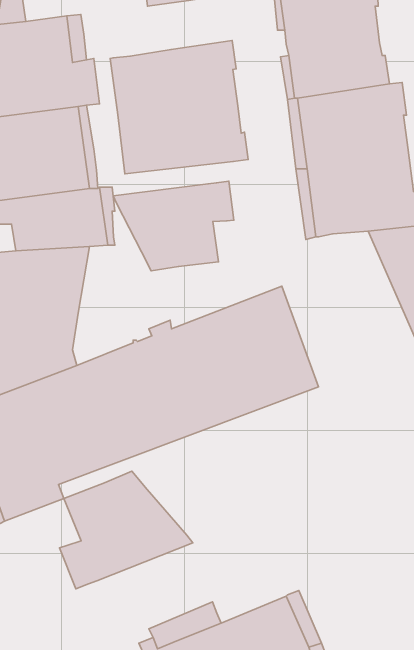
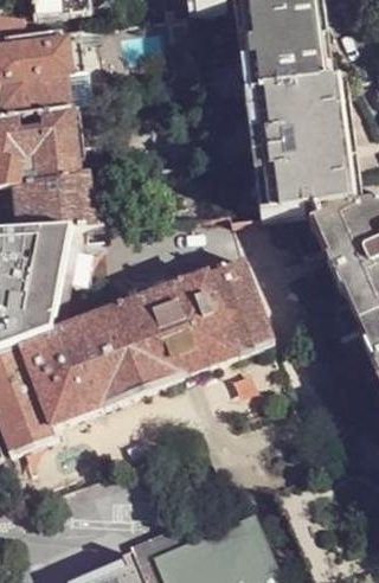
building: [110,41,248,174] -> none
building: [113,181,234,271] -> none
building: [60,471,193,589] -> none

